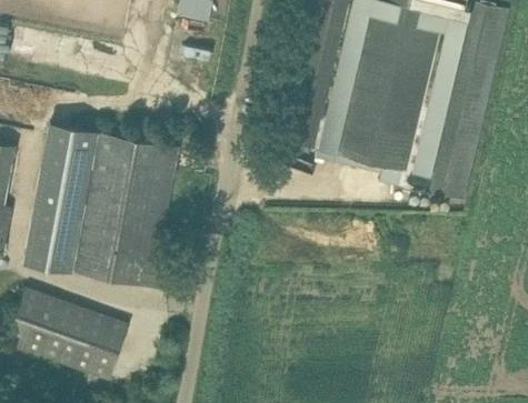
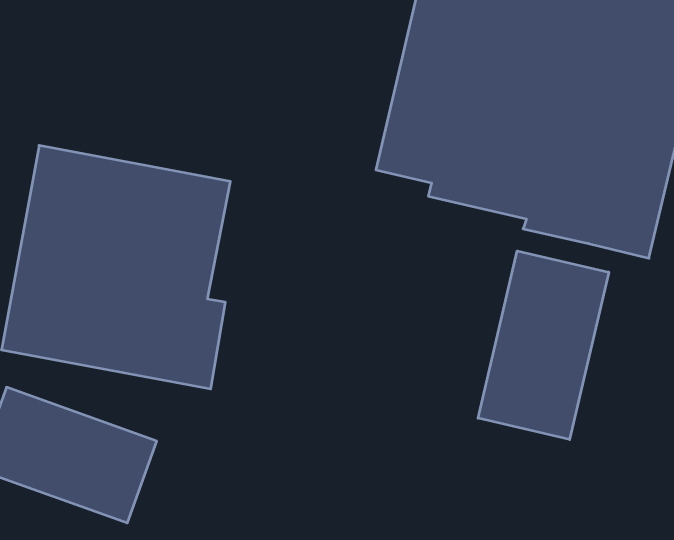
building: none -> [478,251,609,440]

